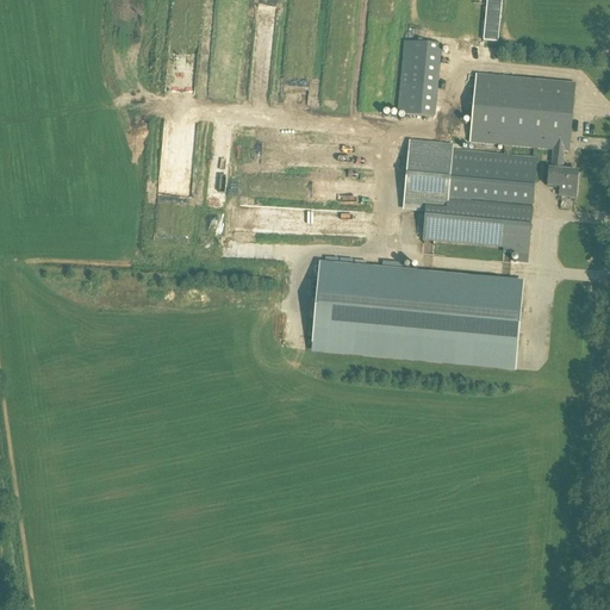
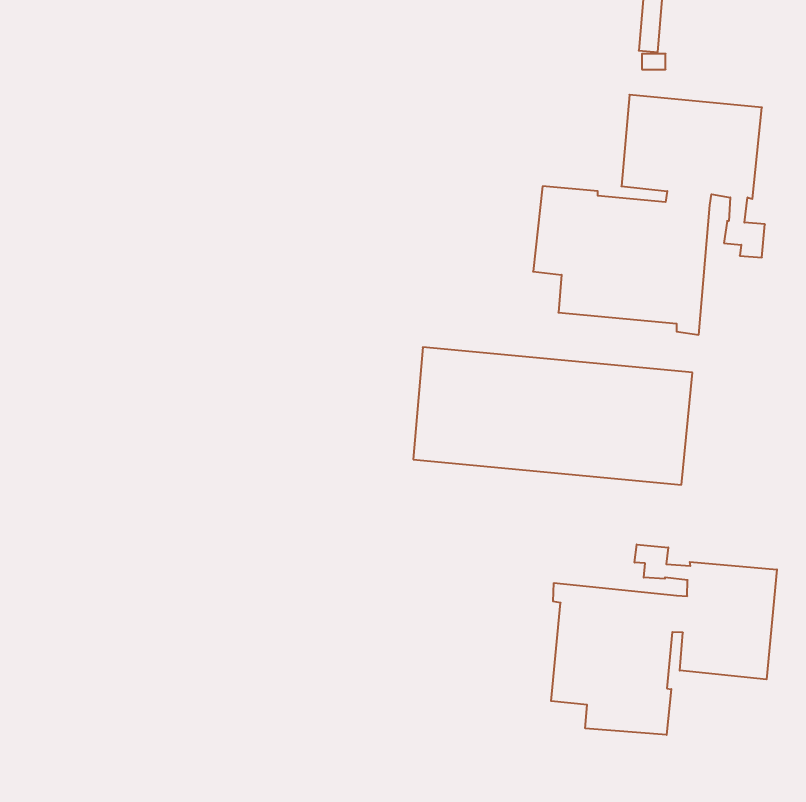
building: [397,38,442,116] -> none
building: none -> [551,544,777,735]

